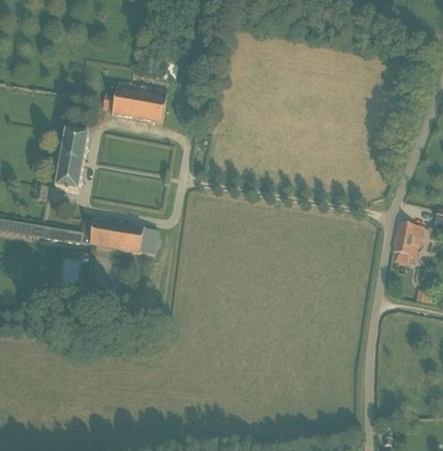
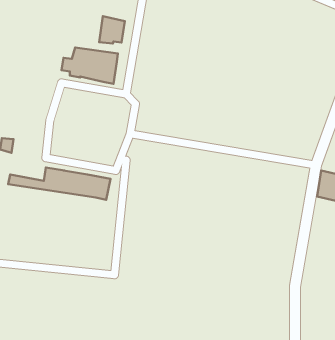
building: none -> [99,16,125,44]
building: [55,131,88,192] -> none

